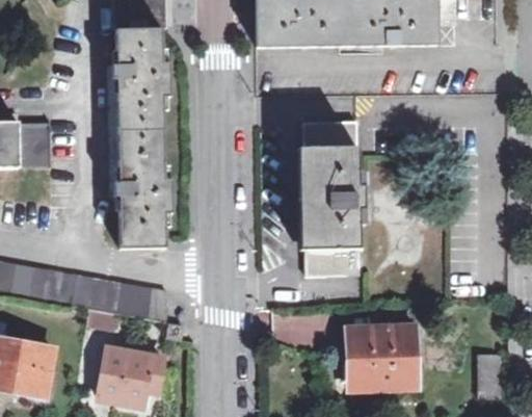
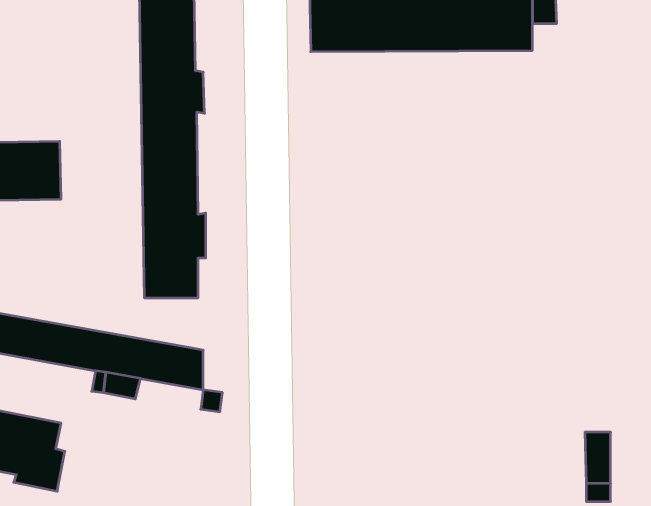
building: [301,123,360,276] -> none
building: [347,329,416,389] -> none
building: [96,349,162,409] -> none

